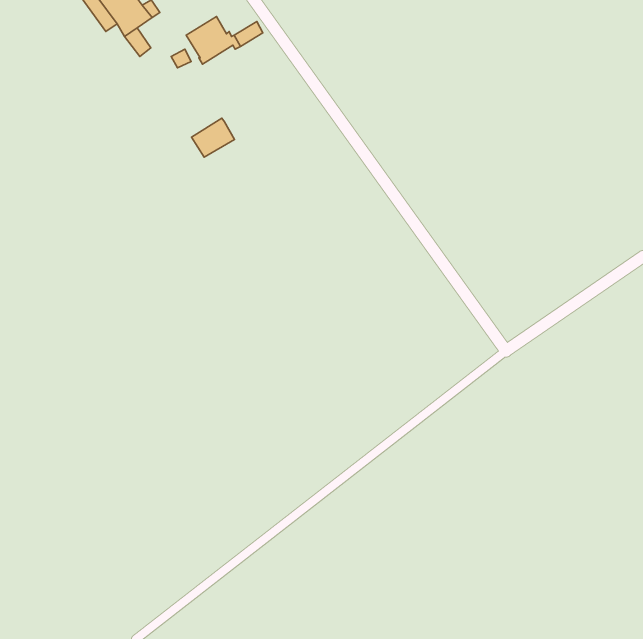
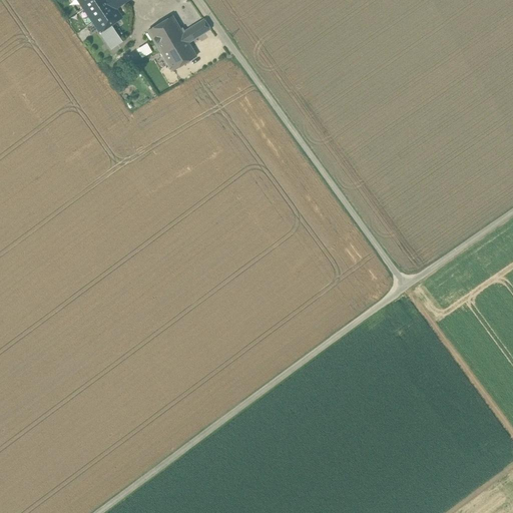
building: [192,118,234,157] -> [161,36,195,67]

